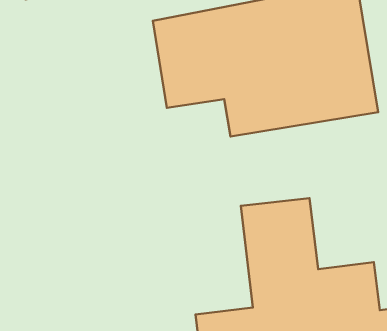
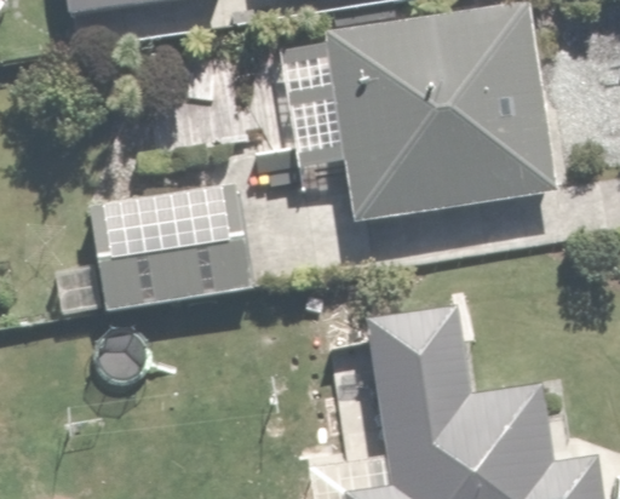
building: none -> [82,188,253,315]

